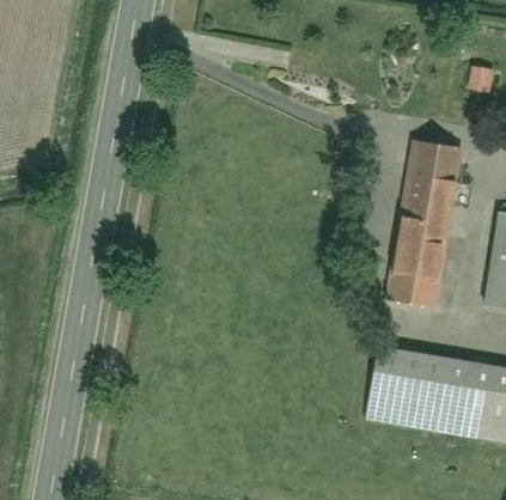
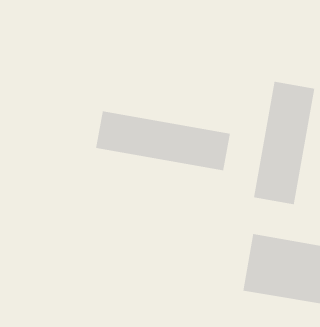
building: none -> [96,111,230,171]

